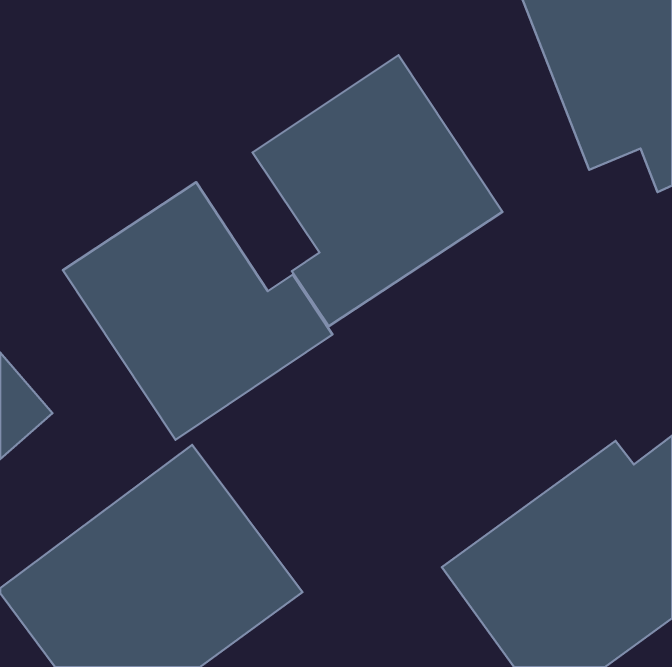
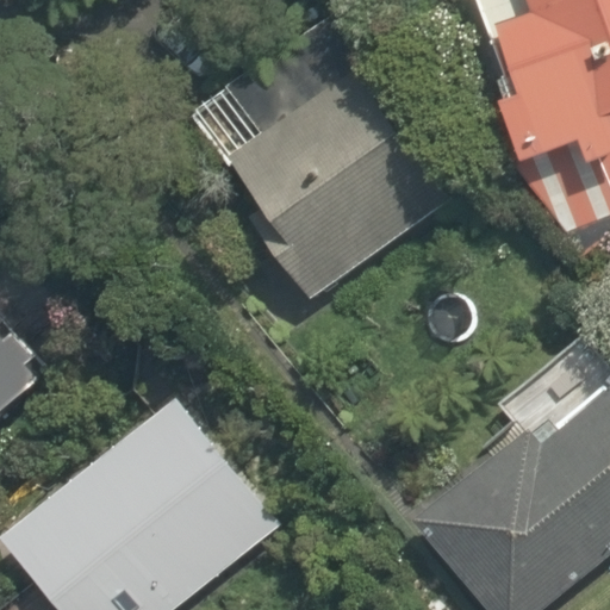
building: [63,182,333,440] -> none

